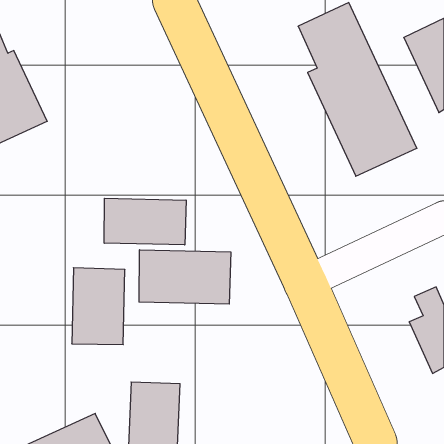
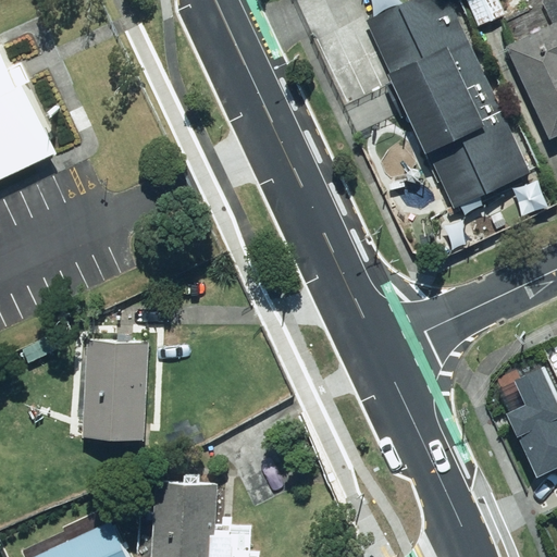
building: [104,198,186,245] -> none
building: [139,250,231,304] -> none

